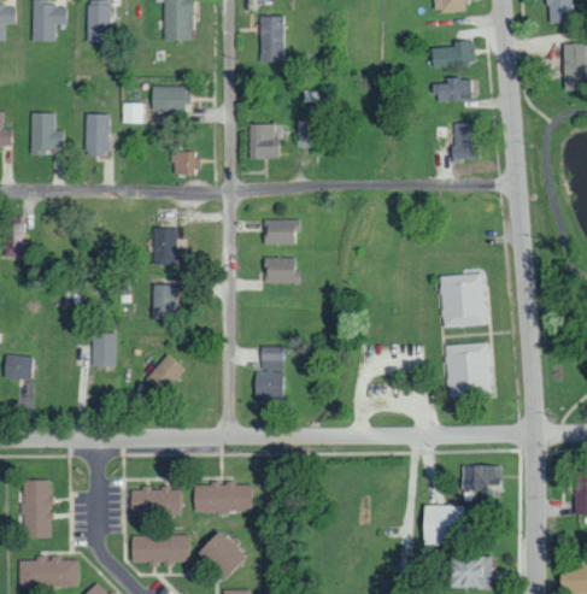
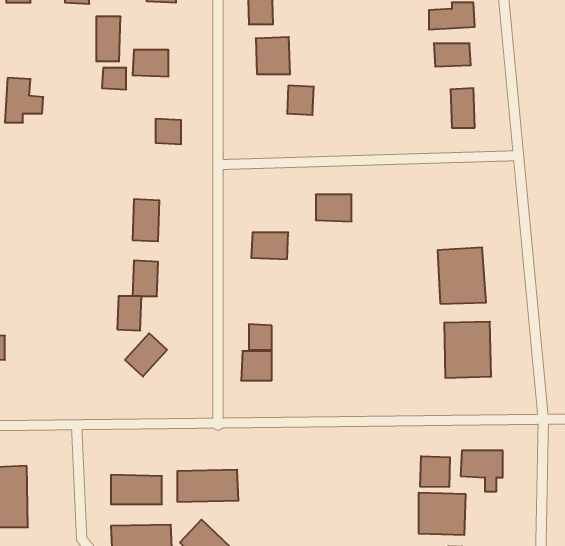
building: [87,113,110,155] -> [96,17,121,61]
building: [250,123,282,158] -> [256,37,290,74]
building: [264,219,298,245] -> [316,195,352,221]
building: [93,333,116,365] -> [117,296,141,331]
building: none -> [420,456,450,487]

